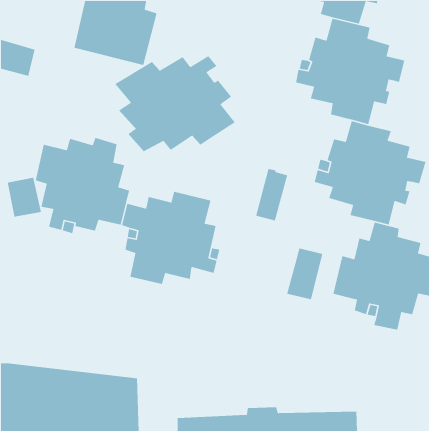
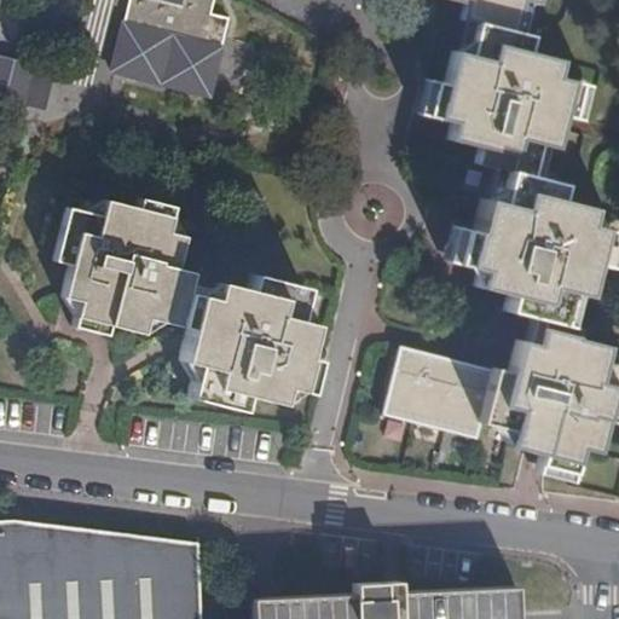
building: [114,55,236,152] -> none
building: [255,168,288,221] -> [384,346,432,422]
building: [7,177,42,218] -> none
building: none -> [450,364,492,438]

